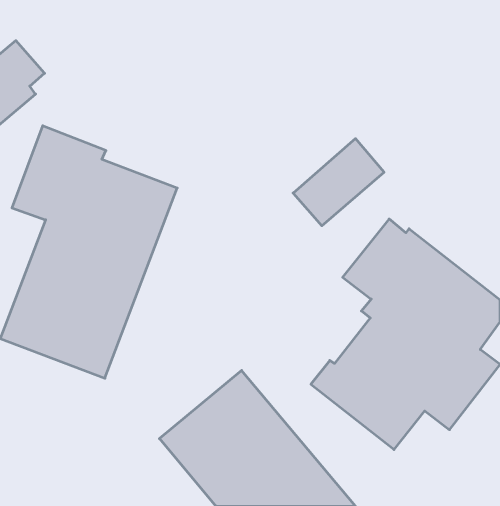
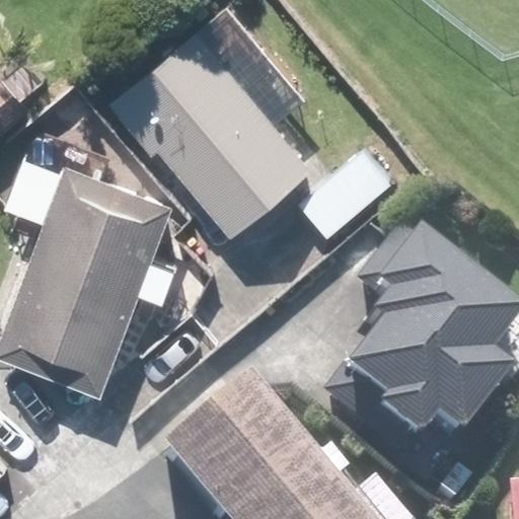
building: none -> [115,21,318,227]

